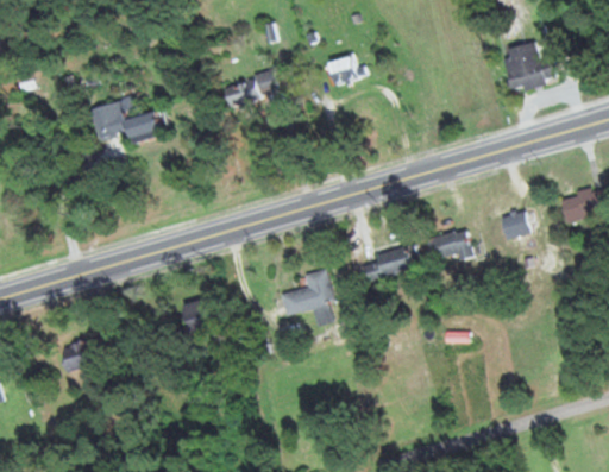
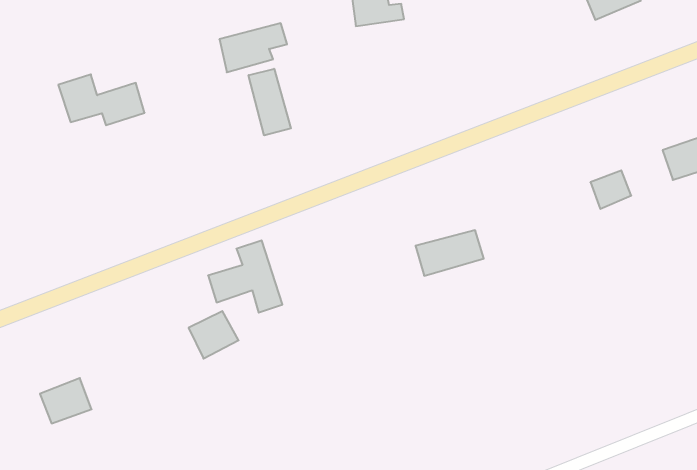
building: none -> [249,69,291,135]
building: [425,228,471,262] -> none
building: [280,269,335,325] -> [208,240,282,313]

